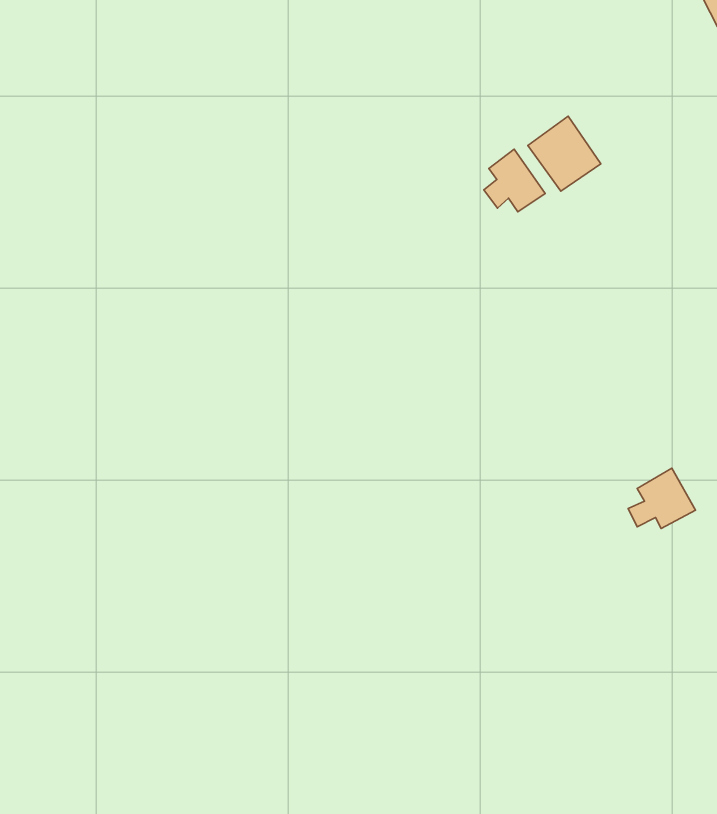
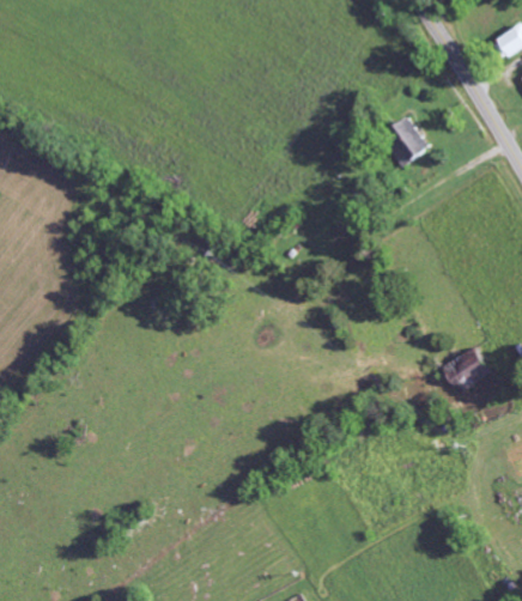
building: [484,149,545,212] -> none

